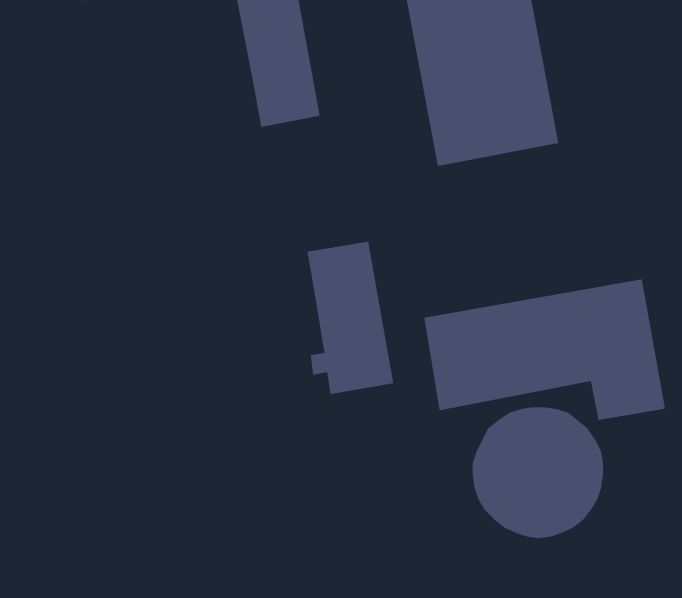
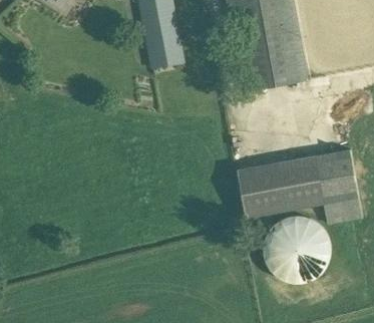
building: [307,241,394,395] -> none

